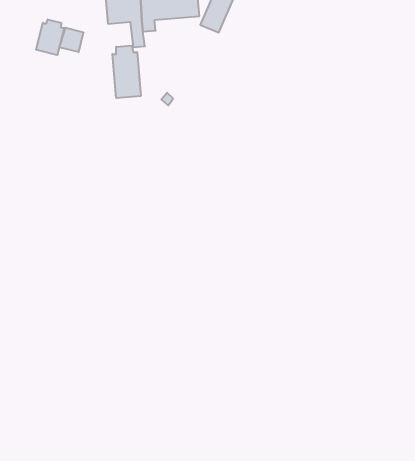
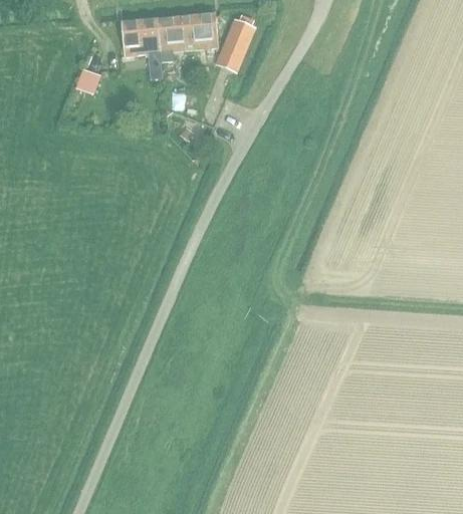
building: [36,19,64,55] -> none
building: [112,46,141,98] -> none

